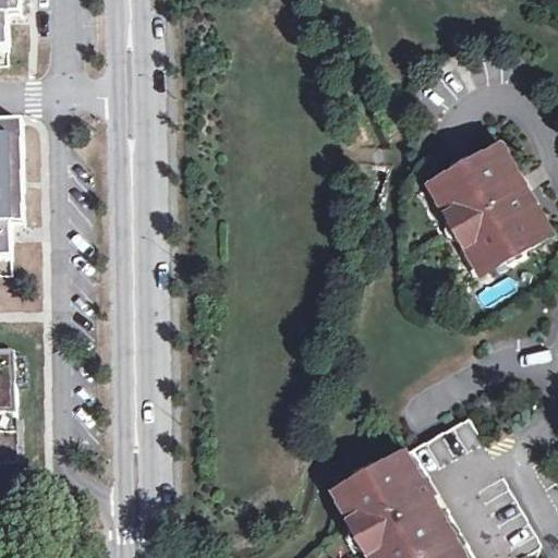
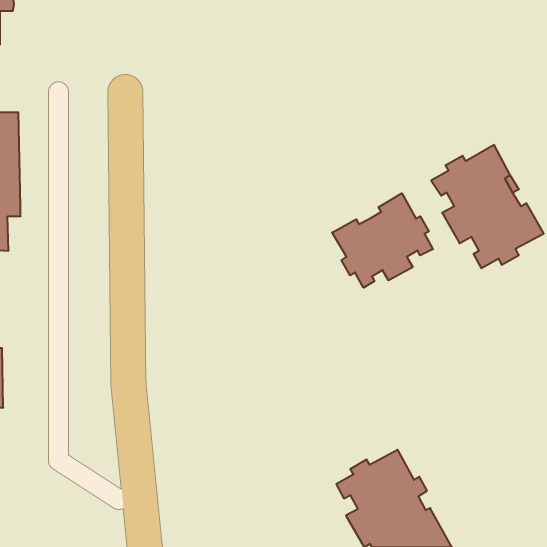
building: none -> [332,193,433,288]

